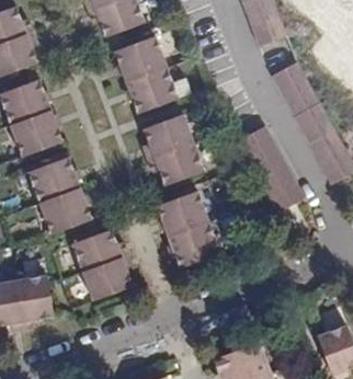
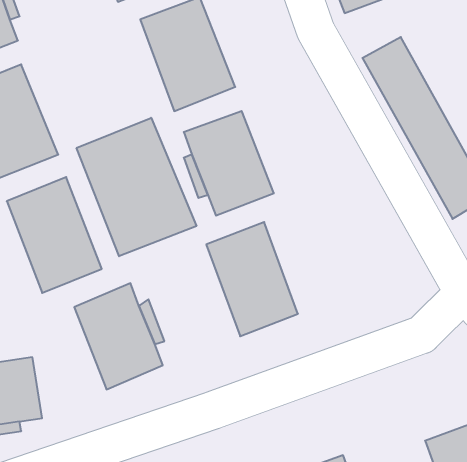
building: none -> [77,118,196,256]
building: [238,126,305,213] -> none

